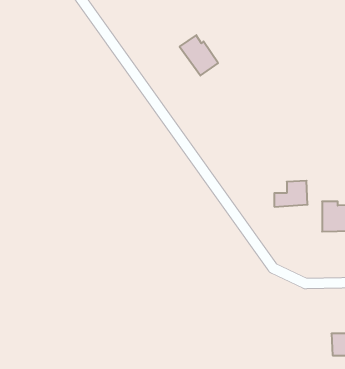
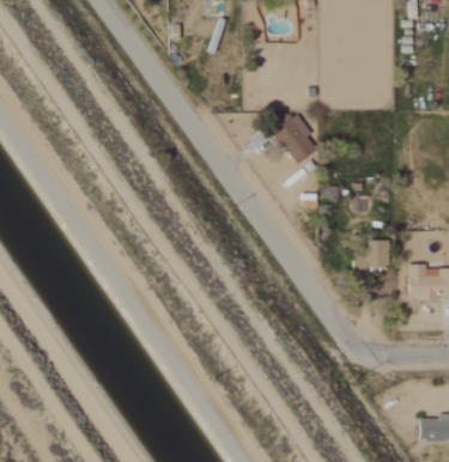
building: [180,35,218,76] -> [272,114,316,160]

